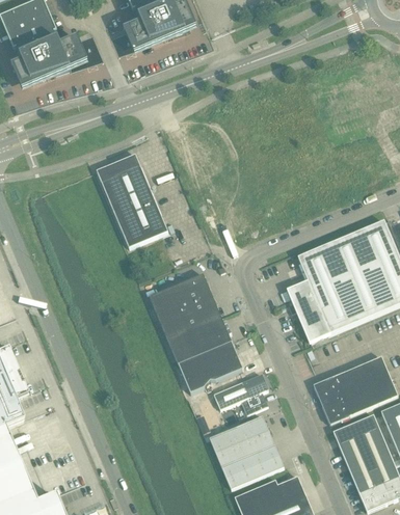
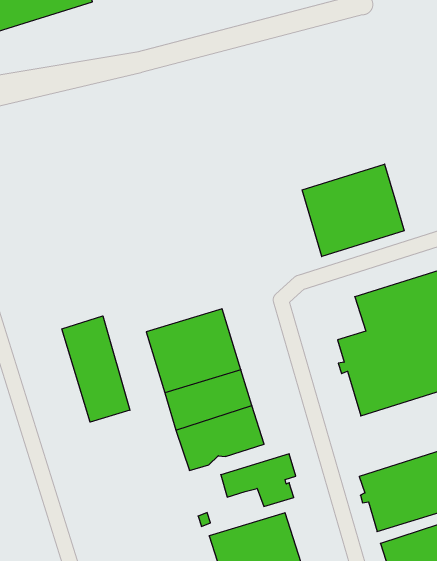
building: [96,153,167,246] -> none
building: none -> [302,164,404,257]
building: none -> [62,316,130,422]

